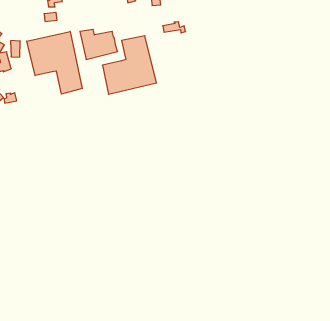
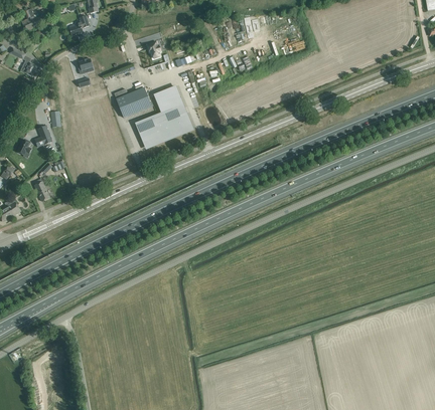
building: [27,31,82,94] -> none

